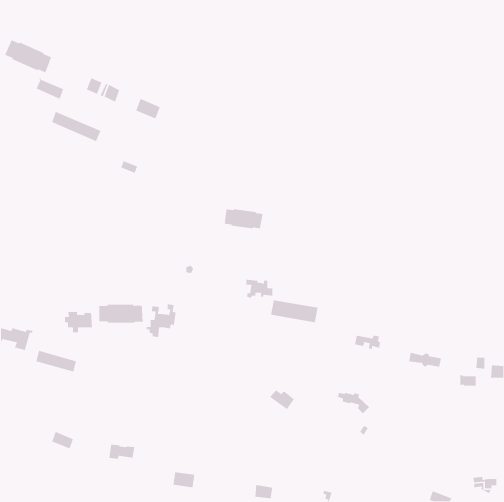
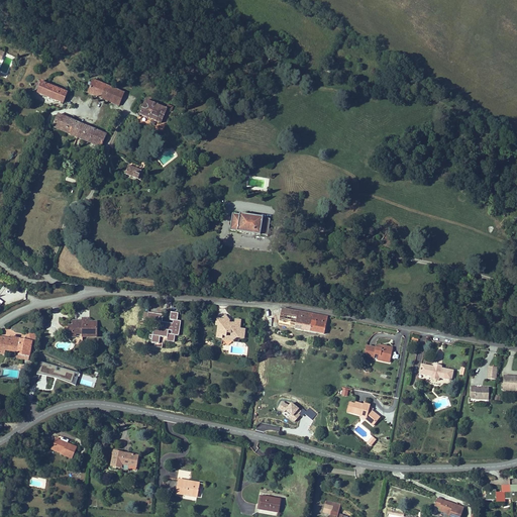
building: [4,39,52,74] -> none
building: [245,279,273,298] -> [215,315,243,335]
building: [98,304,144,323] -> none

